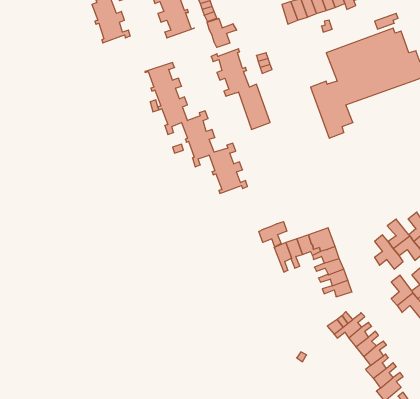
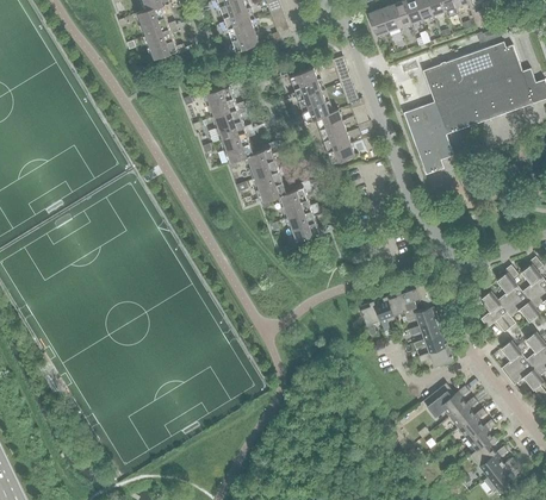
building: [207,18,237,47] -> none
building: [259,222,287,247] -> none

